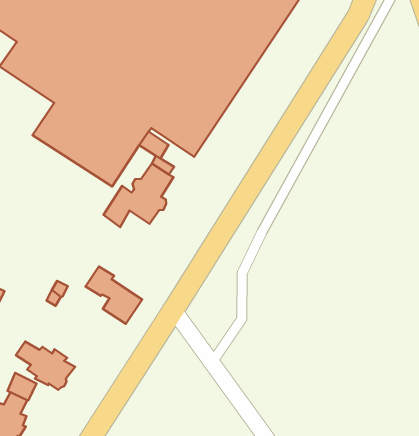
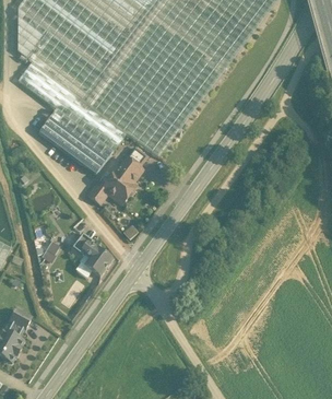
building: [16,342,75,390] -> none

